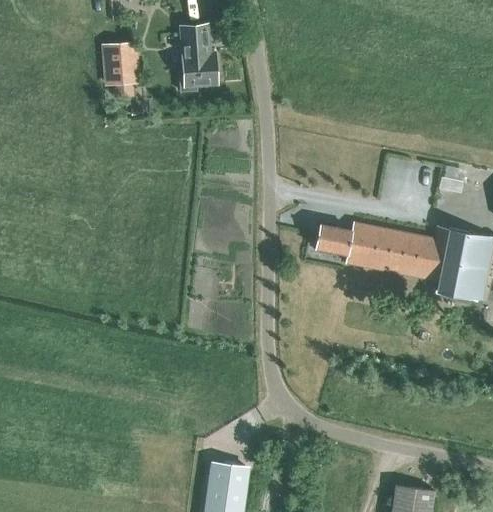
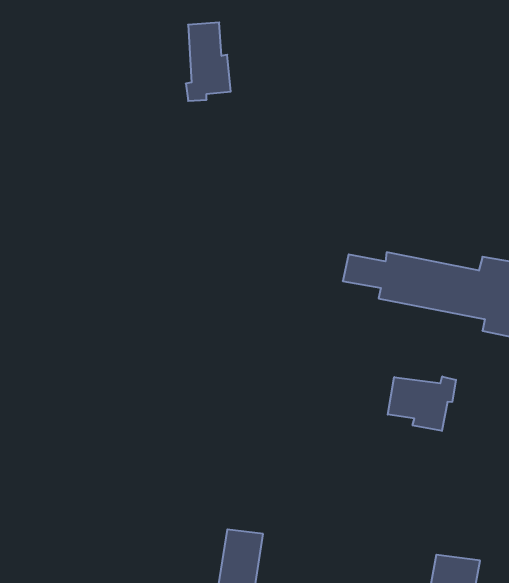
building: [103,46,141,100] -> none
building: none -> [388,376,456,431]

